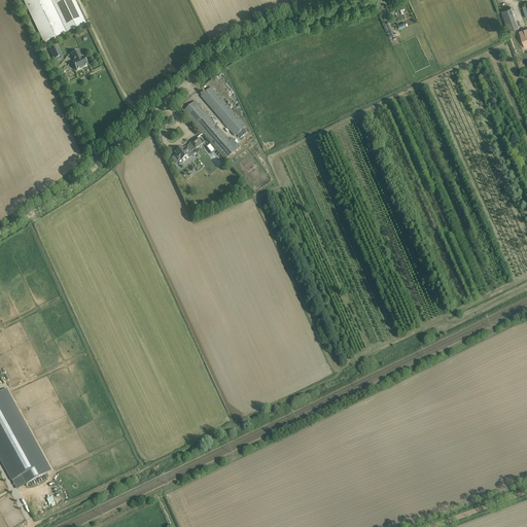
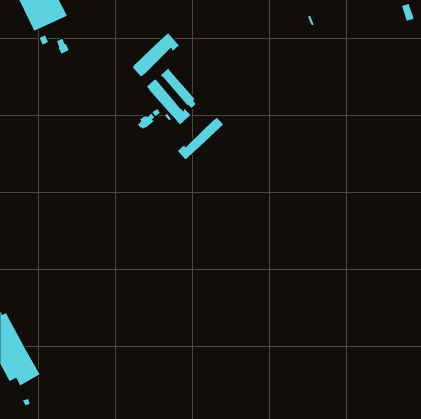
building: none -> [132,33,180,77]
building: none -> [177,117,224,160]

